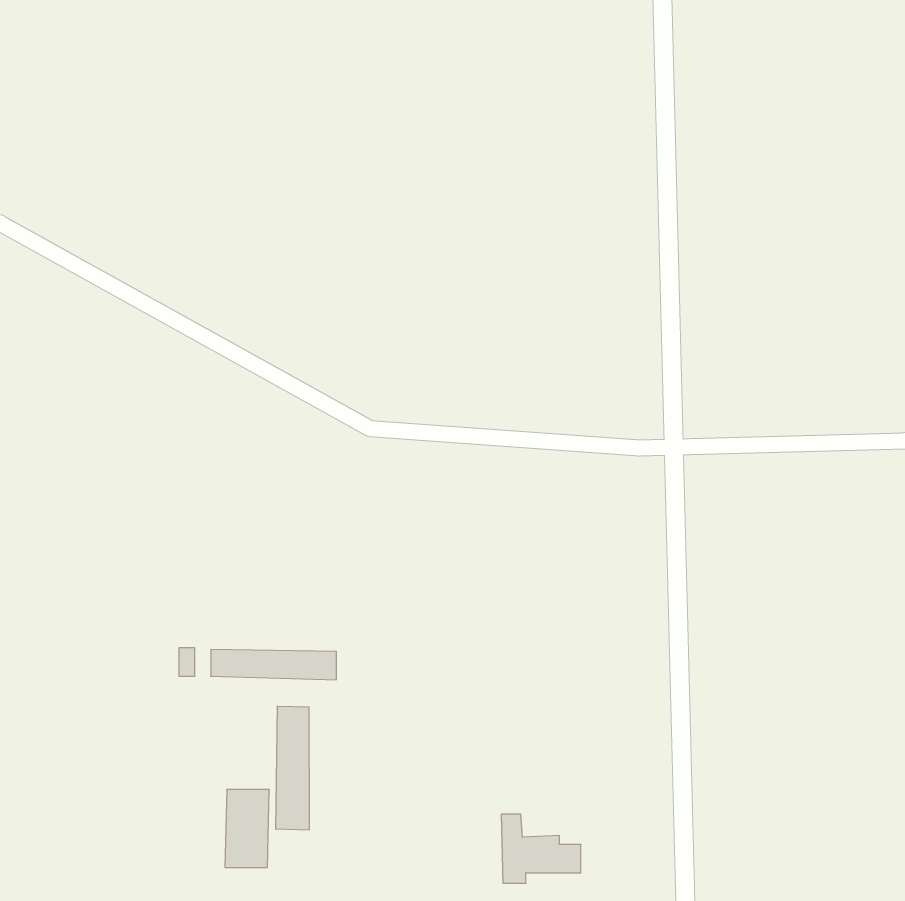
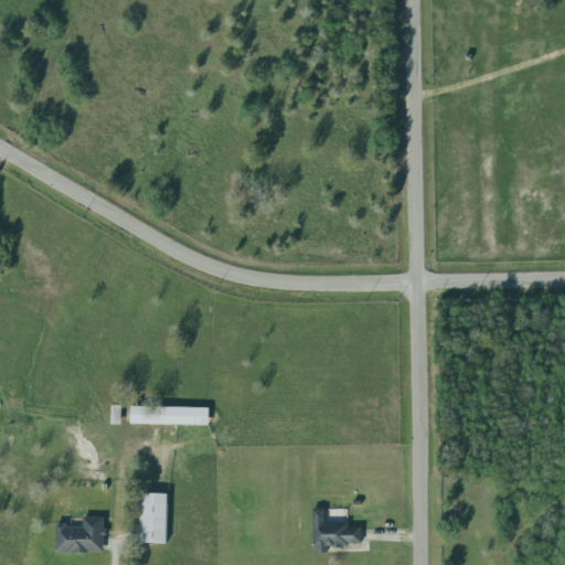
building: [276,706,309,830] -> none
building: none -> [56,516,106,552]

